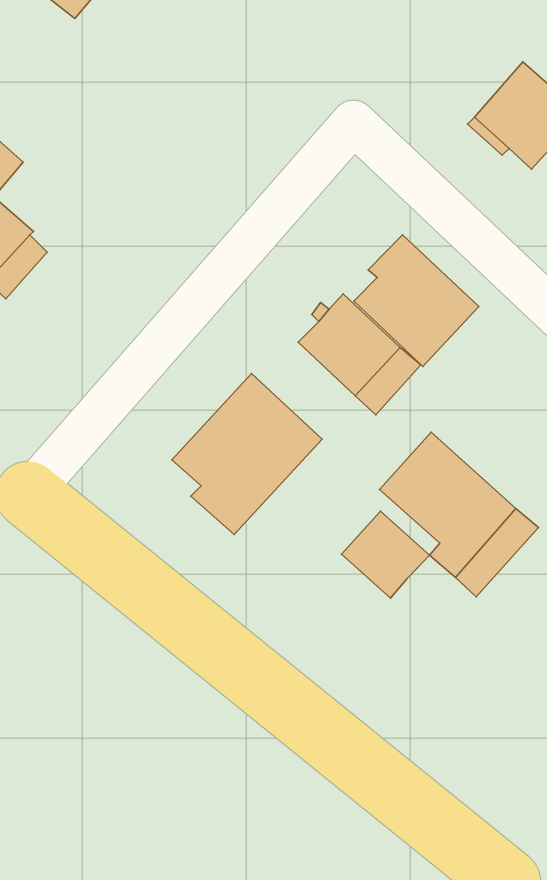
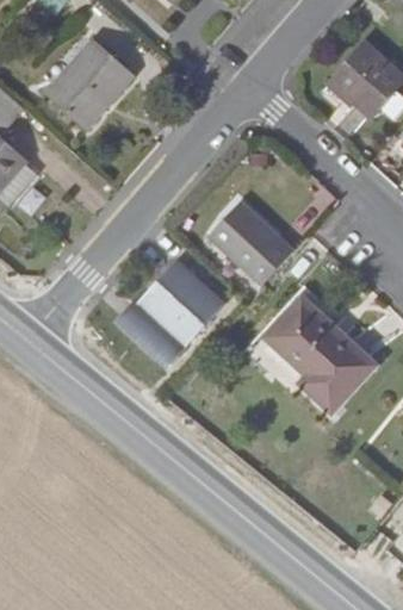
building: none -> [45,39,132,127]
building: [354,235,479,366] -> none
building: [342,511,430,598] -> none

